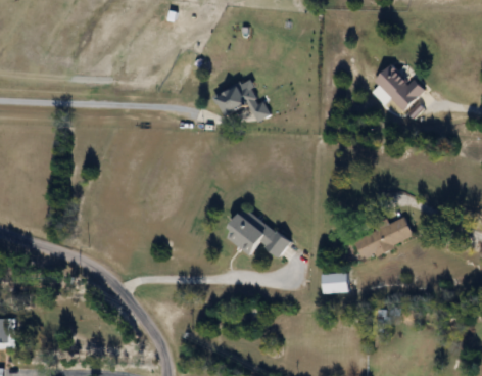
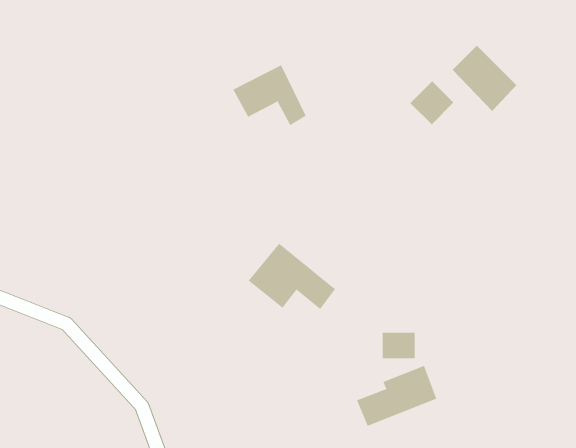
building: none -> [410,80,454,125]
building: [352,215,412,260] -> [356,365,437,427]

